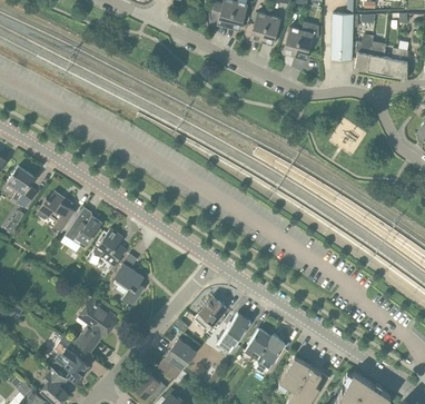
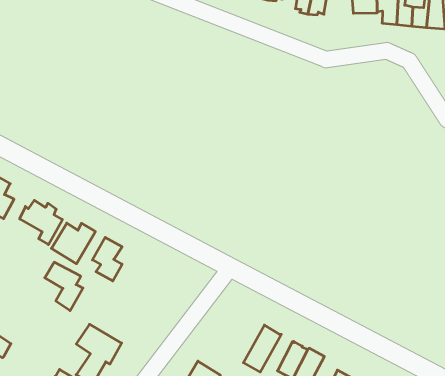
building: [113,264,145,305] -> [45,262,83,311]
building: [195,296,231,336] -> none

